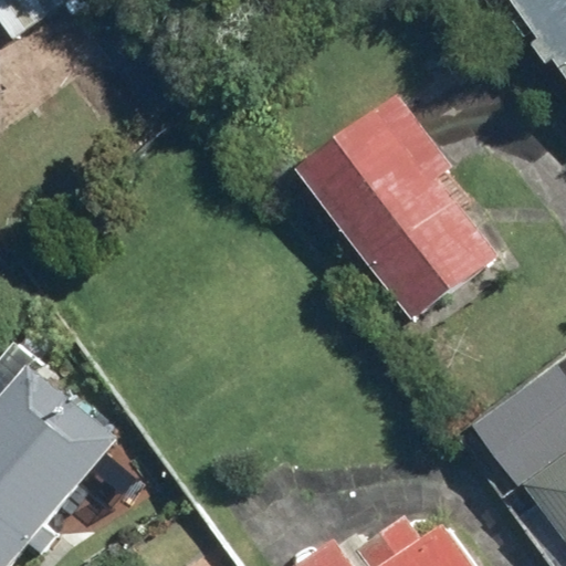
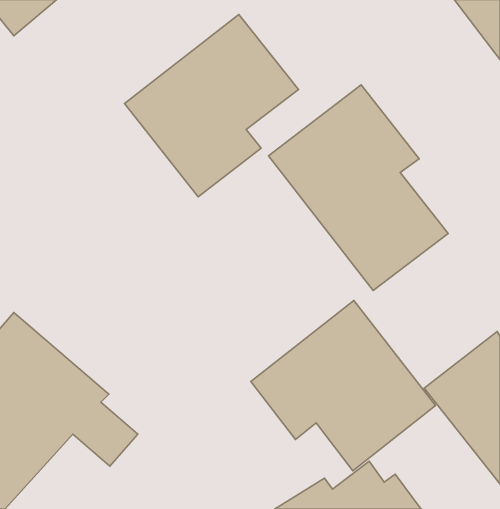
building: none -> [124,14,298,197]
building: none -> [251,300,436,471]

